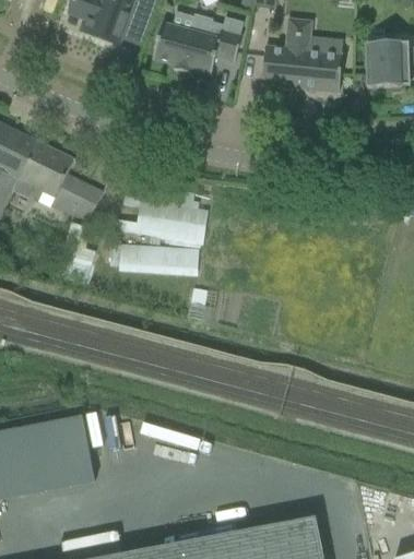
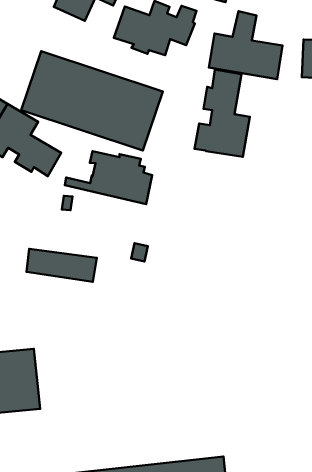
building: none -> [21,51,163,151]
building: none -> [195,69,250,157]
building: [120,245,198,276] -> [27,249,97,282]

